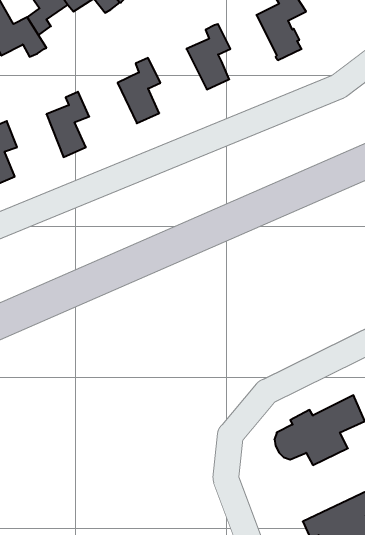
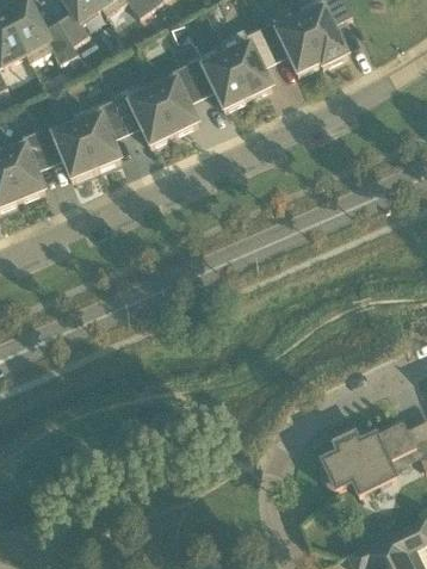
building: none -> [260,10,322,73]
building: none -> [186,54,248,109]
building: none -> [112,89,174,144]
building: none -> [37,123,97,178]

